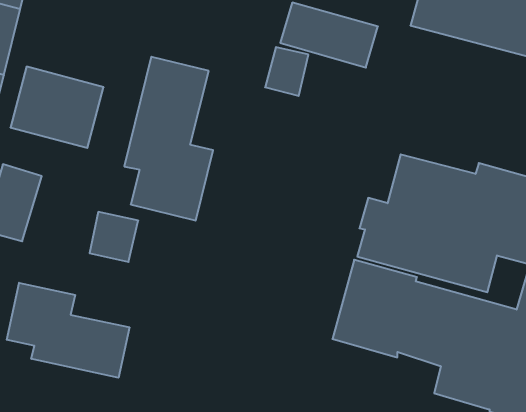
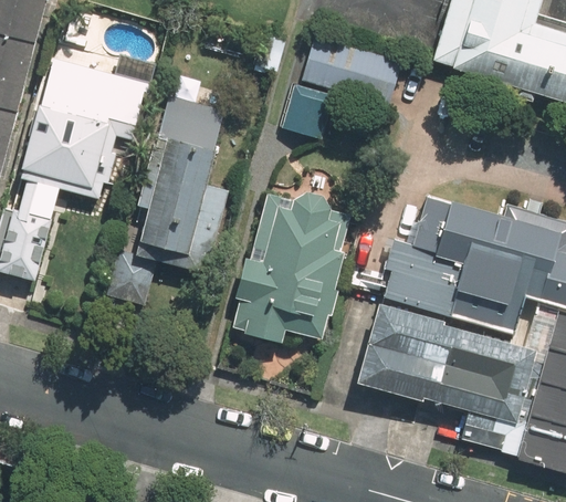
building: none -> [38,62,138,121]
building: none -> [232,197,347,344]
building: [7,283,129,378] -> none

